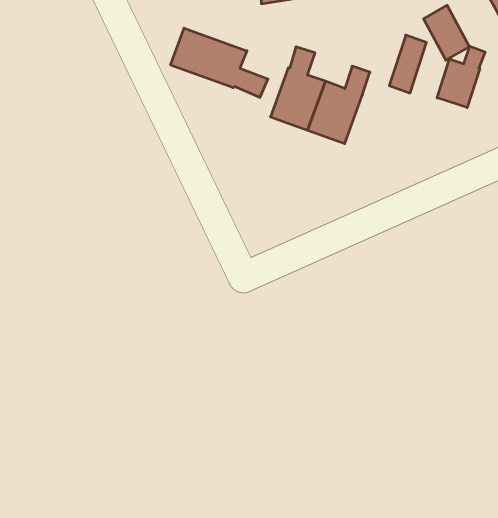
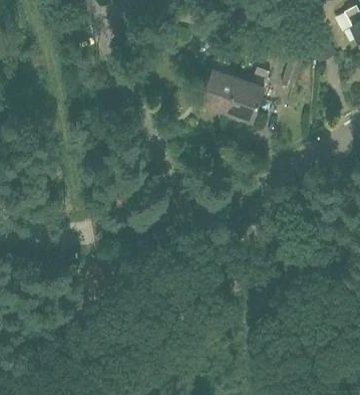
building: [171,28,268,97] -> none
building: [437,46,485,108] -> none

